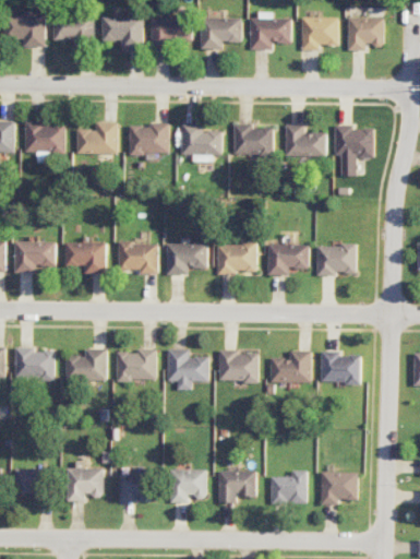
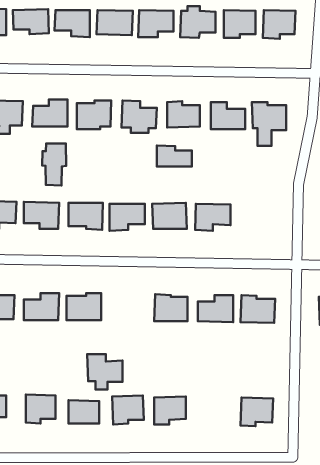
building: none -> [42,143,66,186]
building: none -> [157,146,192,167]
building: [315,246,356,275] -> none
building: [167,349,208,391] -> [87,354,122,389]
building: [269,472,307,504] -> none

